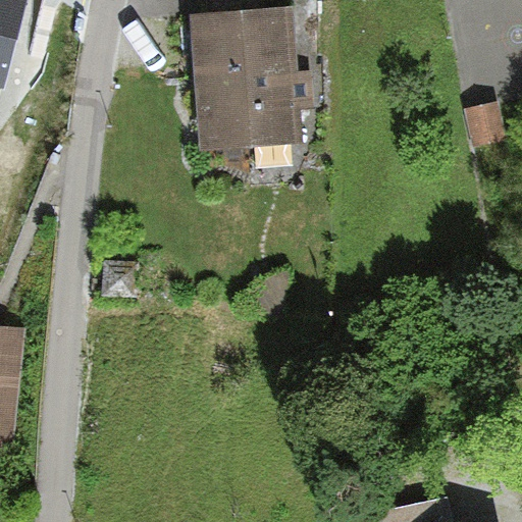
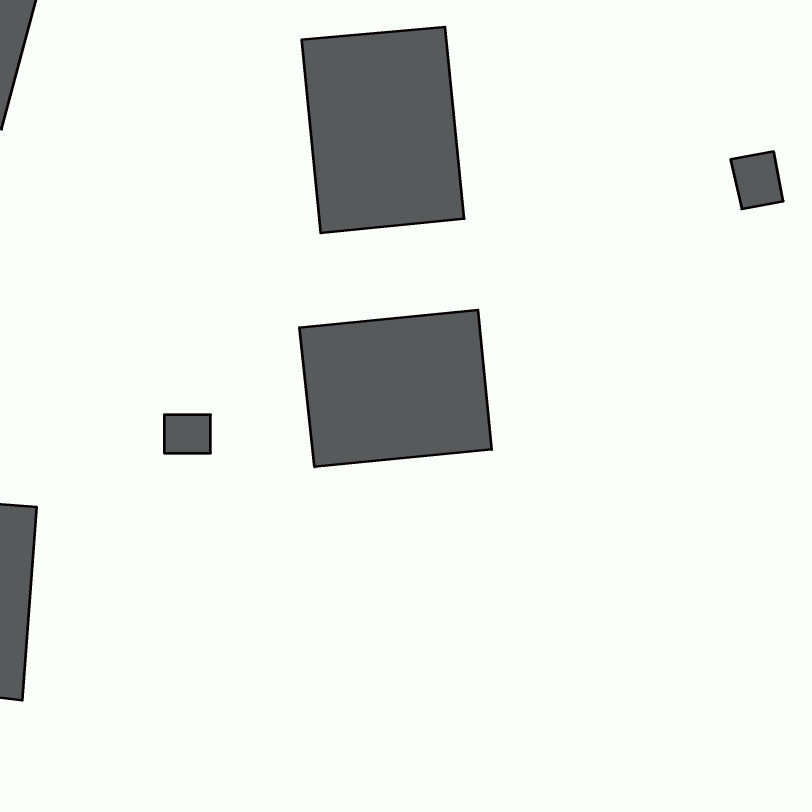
building: none -> [299,310,492,467]

